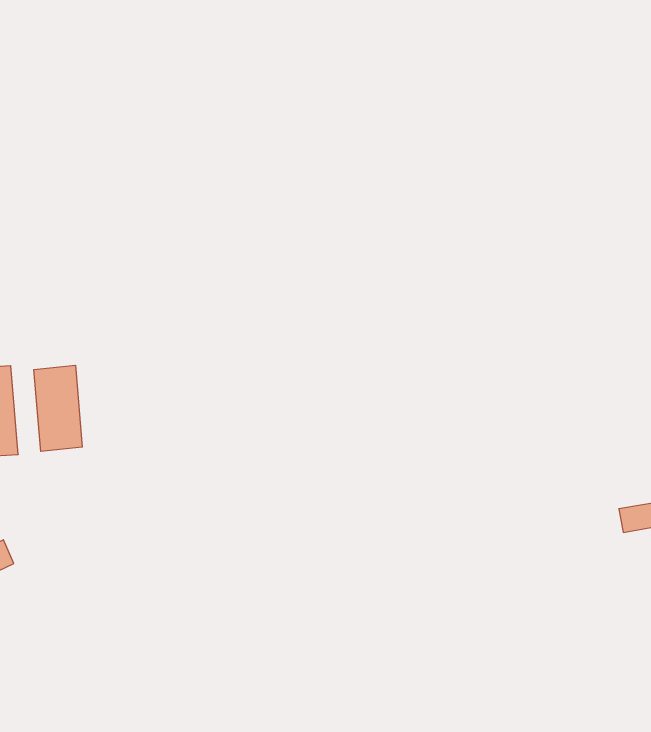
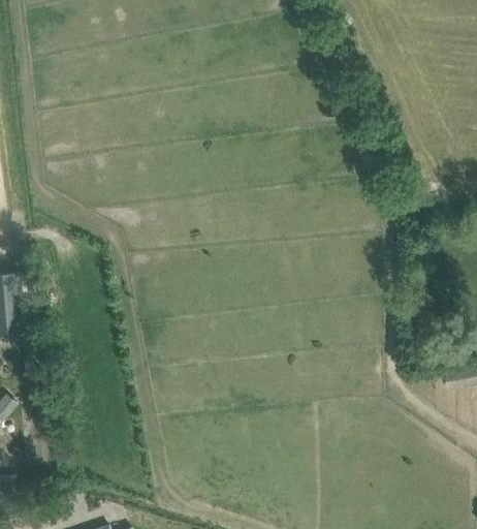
building: [34,365,82,451] -> none

